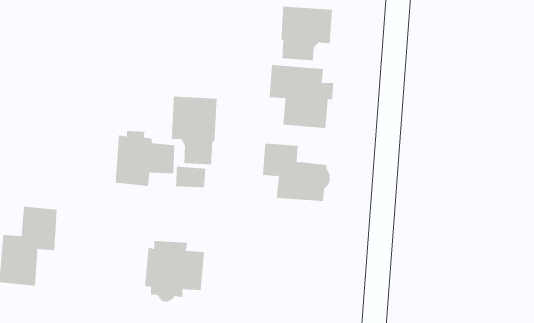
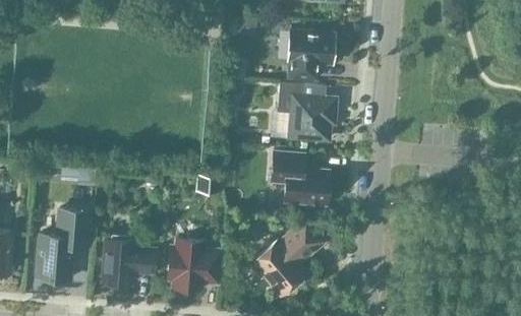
building: [171,96,217,165] -> none
building: [115,130,175,186] -> [102,236,156,286]
building: none -> [251,219,325,297]

